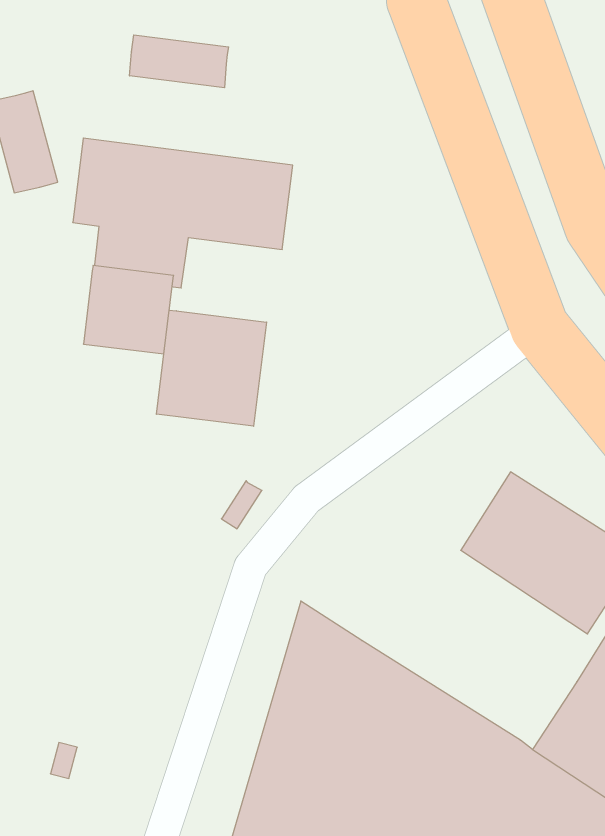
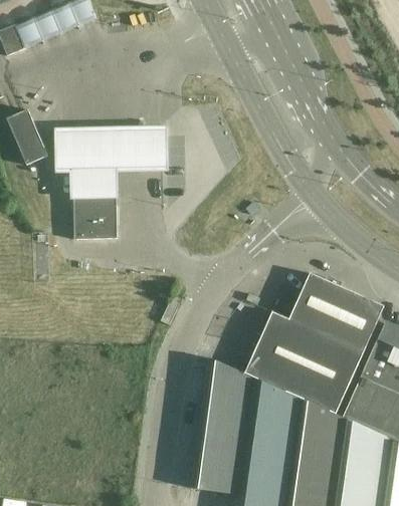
building: [130,35,229,88] -> none
building: [156,310,267,426] -> none
building: none -> [243,310,362,414]

